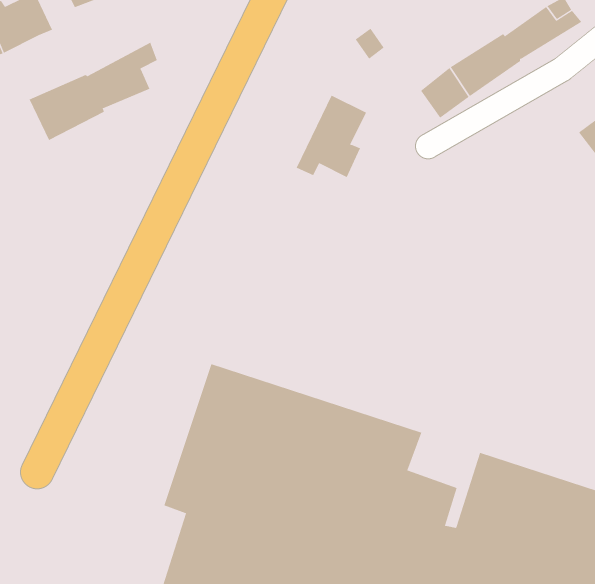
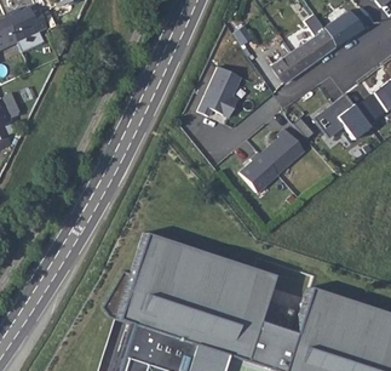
building: [29,42,158,141] -> none
building: none -> [312,93,367,137]
building: none -> [241,129,305,192]

